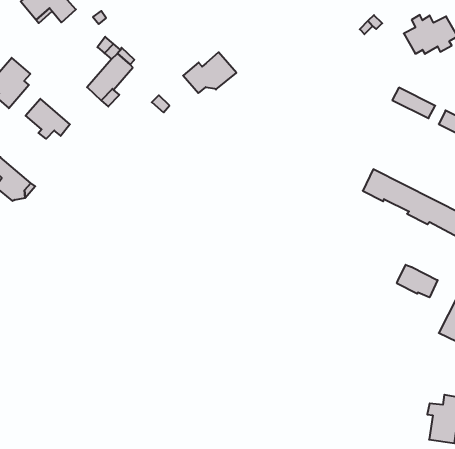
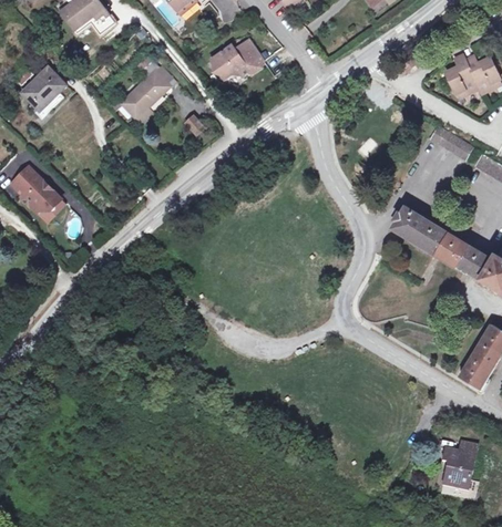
building: [183,52,236,93] -> [209,39,264,79]
building: [26,99,70,139] -> none
building: [397,265,438,297] -> none

